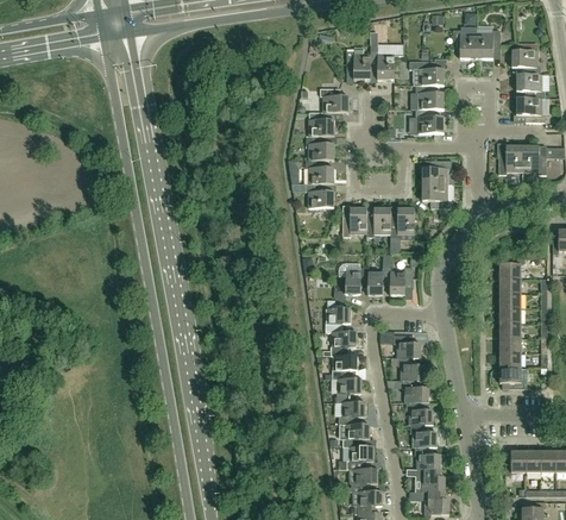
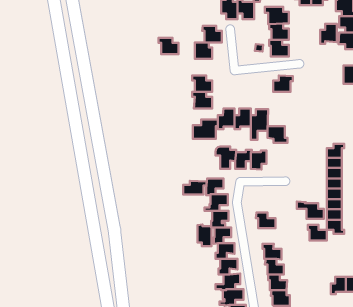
building: [306,136,334,159] -> [159,38,178,54]
building: [499,145,523,174] -> [320,24,337,44]
building: [422,183,451,207] -> [268,126,287,143]
building: none -> [193,119,218,139]
building: none -> [183,181,207,194]
building: [382,332,421,357] -> [297,202,324,219]
building: none -> [197,224,212,246]
building: [402,380,429,402] -> [308,225,327,241]

